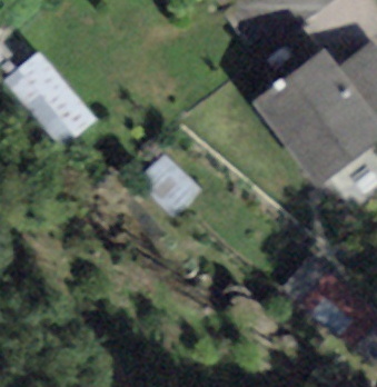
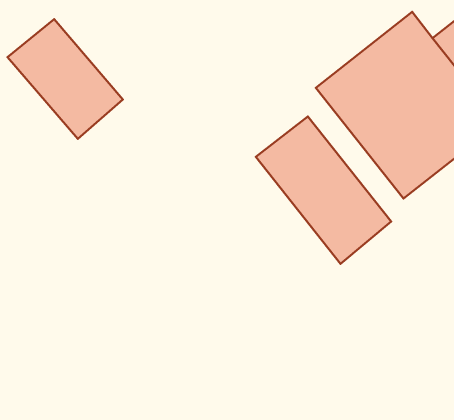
building: none -> [256,116,391,264]

